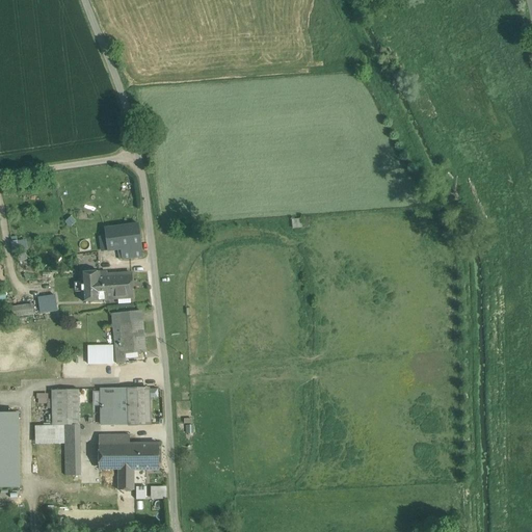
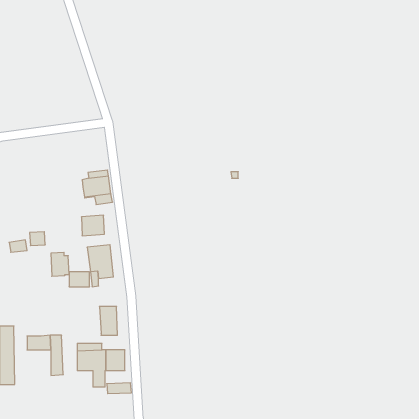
building: [81,270,104,300] -> [51,252,69,276]
building: [101,388,128,423] -> none
building: [51,389,79,425] -> none

